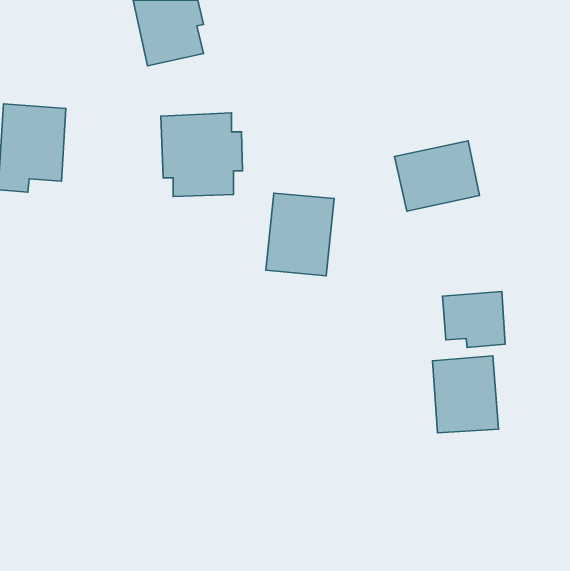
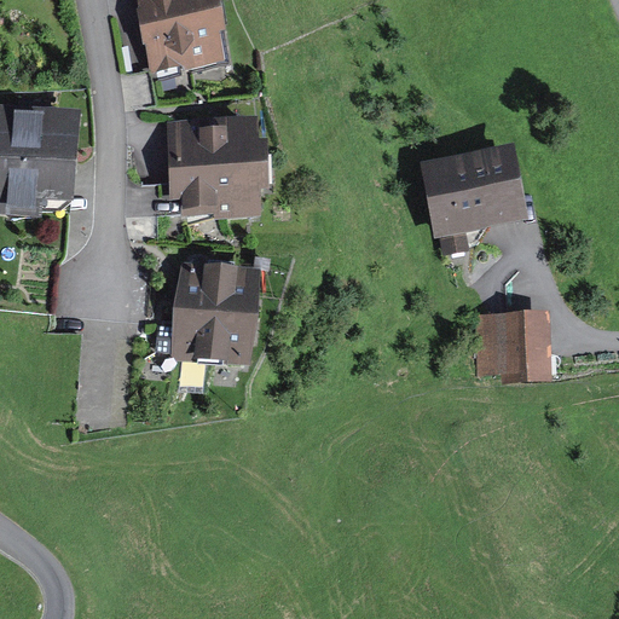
building: [266,193,334,276] -> [178,268,251,358]
building: [432,356,498,433] -> none

